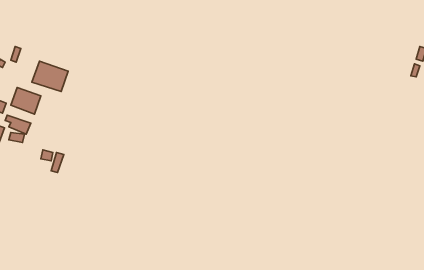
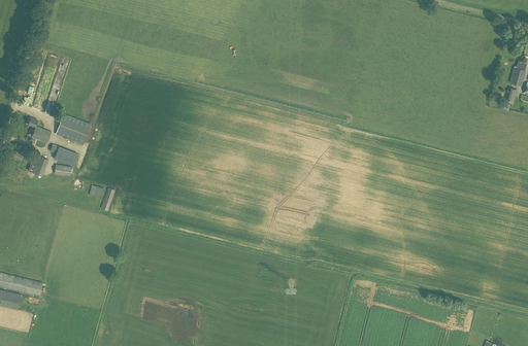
building: [32,61,68,92] -> none

